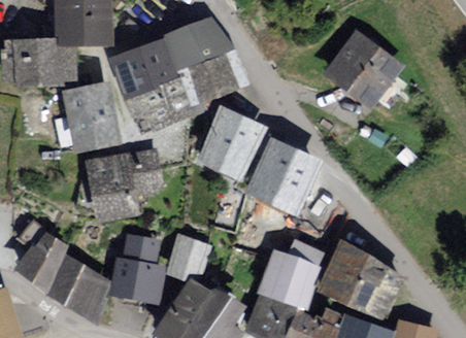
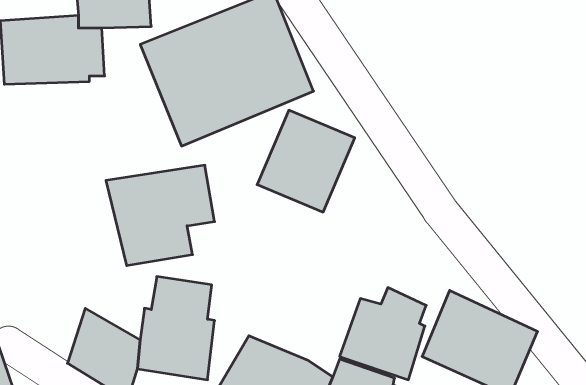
building: [324,32,405,112] -> none
building: [63,78,126,150] -> none
building: [241,137,315,213] -> none
building: [14,230,70,296] -> none
building: [165,236,205,281] -> none

